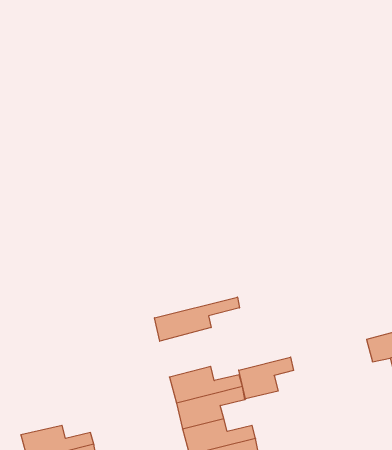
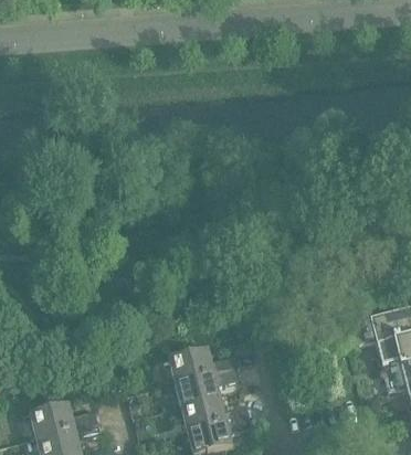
building: [155,297,239,341] -> none
building: [239,357,293,399] -> none

